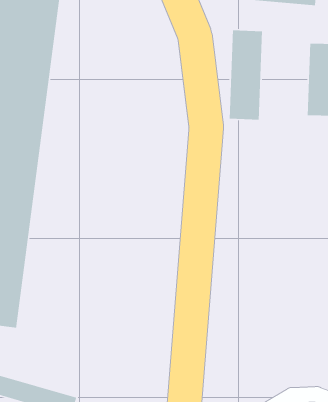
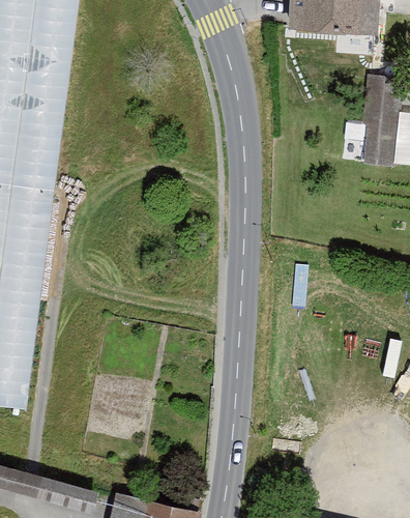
building: [229,30,263,121] -> none

